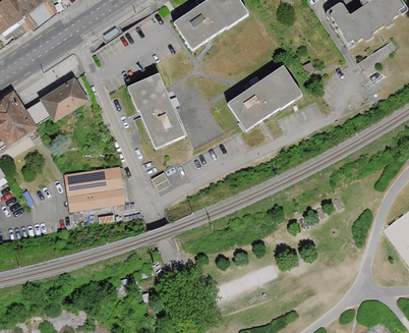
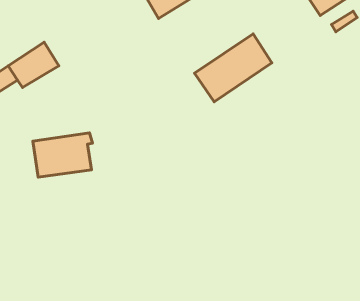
building: [127,71,184,145] -> none

